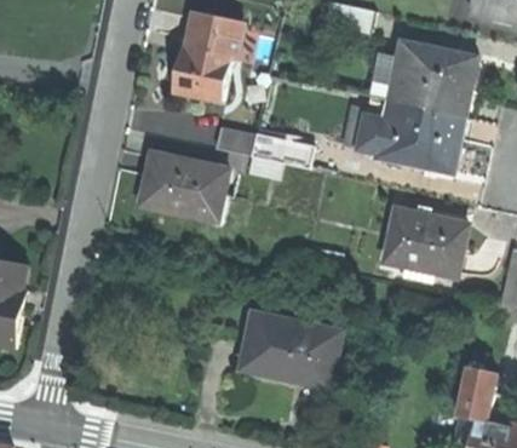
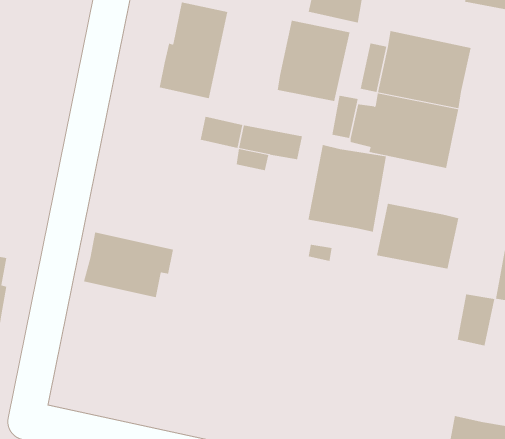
building: none -> [277,20,350,102]
building: none -> [308,144,386,233]
building: [139,157,228,222] -> [83,232,174,298]
building: [241,316,341,390] -> none
building: [460,372,498,423] -> [457,294,495,346]

